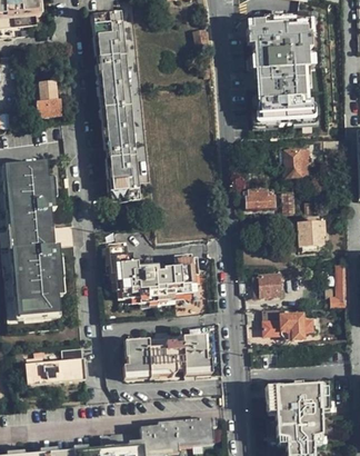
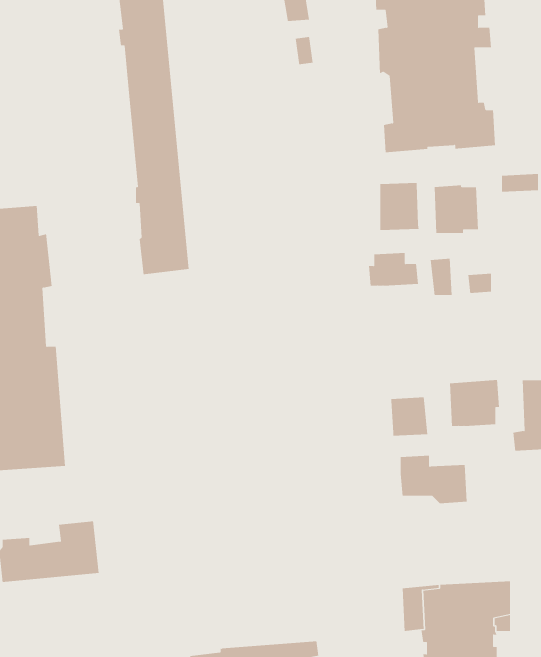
building: [32,81,62,119] -> none
building: none -> [380,182,419,231]
building: [296,220,326,248] -> [449,380,500,426]
building: [106,247,196,304] -> none
building: [124,334,208,375] -> none

